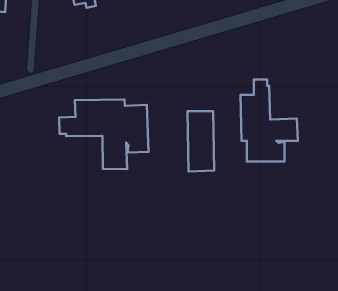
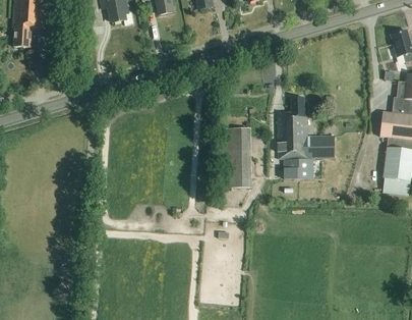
building: [59,99,148,169] -> none

